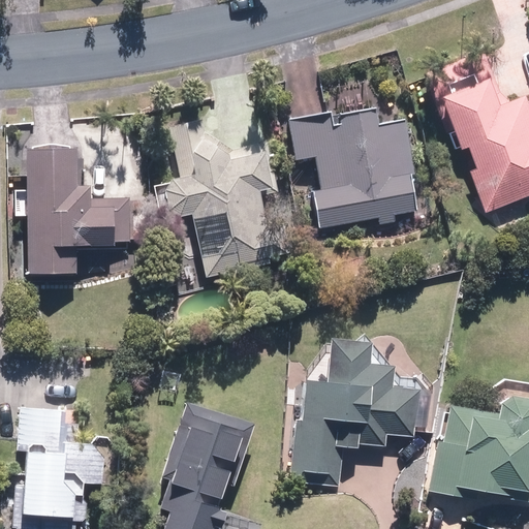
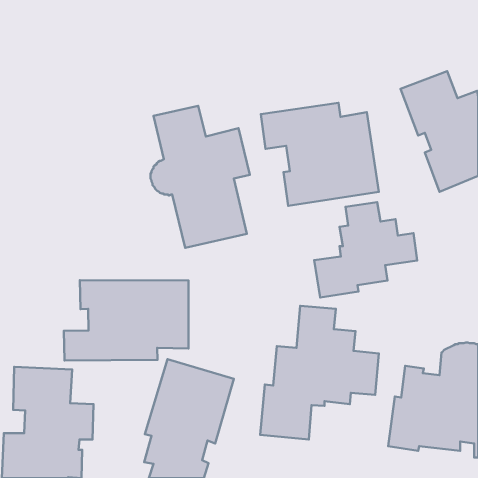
building: [15,149,132,273] -> none
building: none -> [314,202,417,297]
building: none -> [64,280,189,360]

